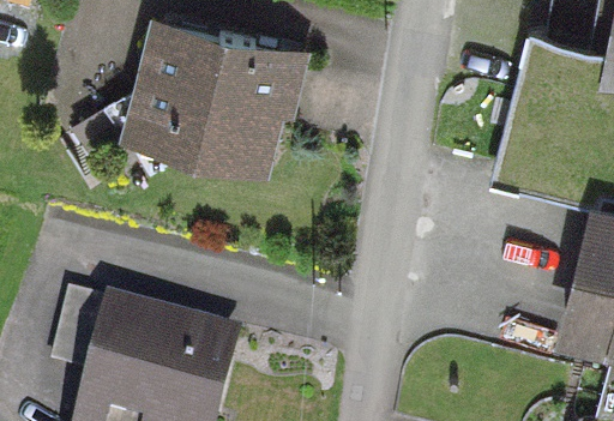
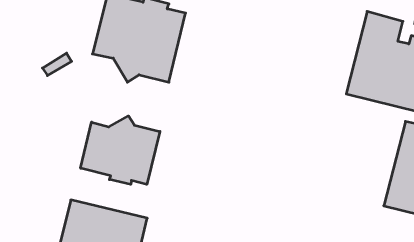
building: none -> [81,116,160,184]

